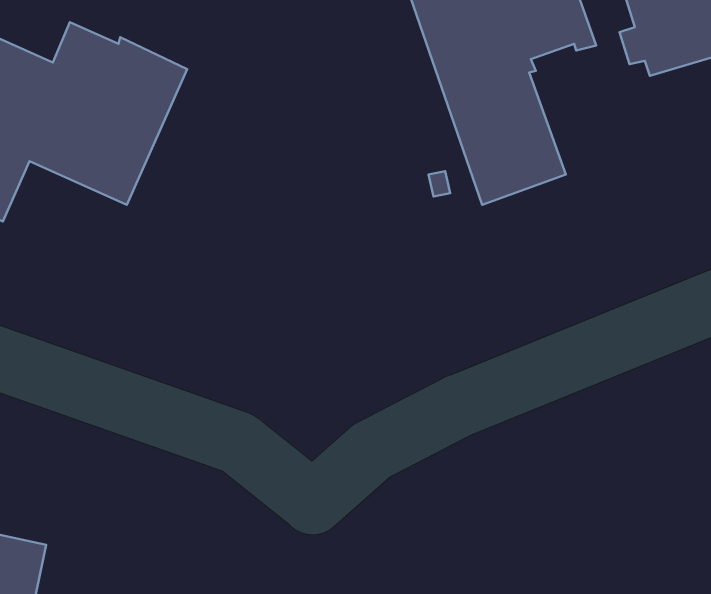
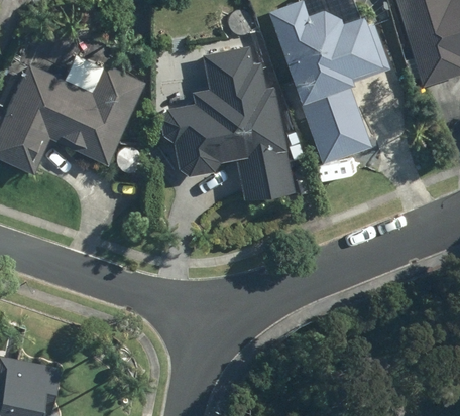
building: none -> [159,46,294,199]

